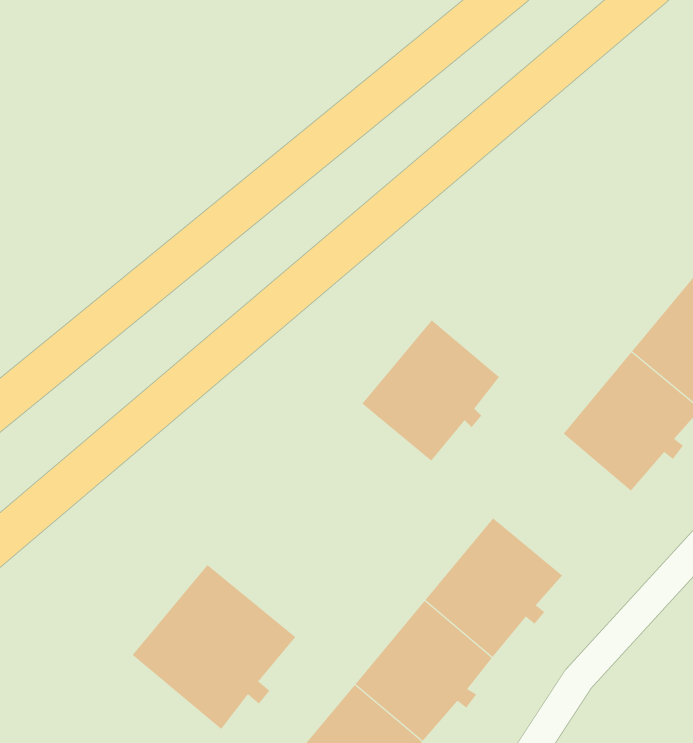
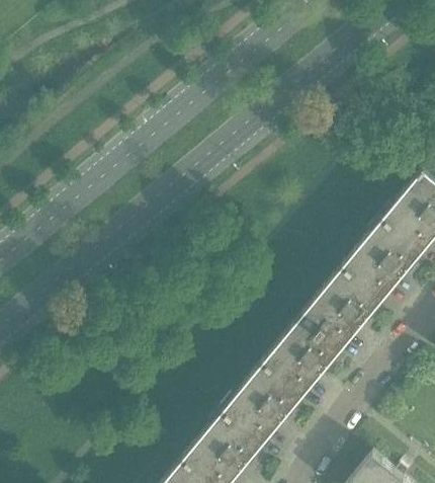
building: [361,319,500,461] -> [301,268,381,350]
building: [132,564,296,730] -> none

